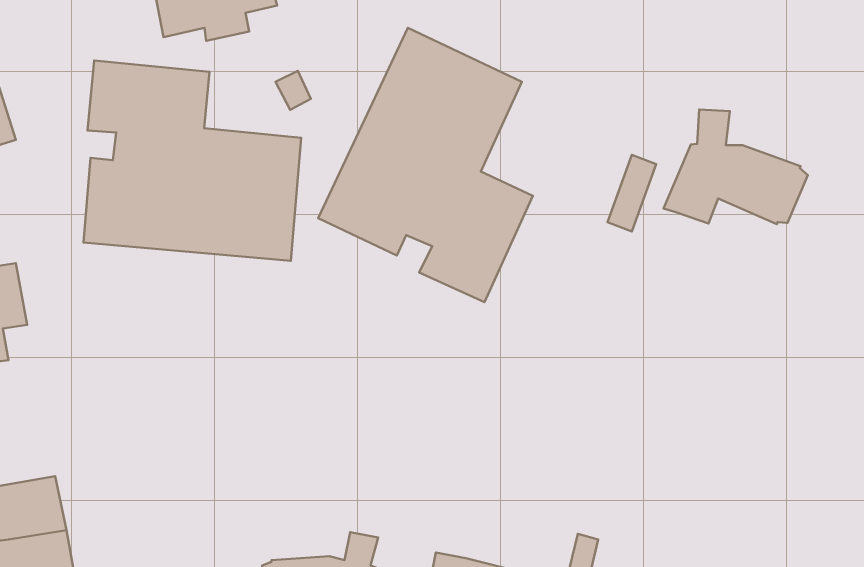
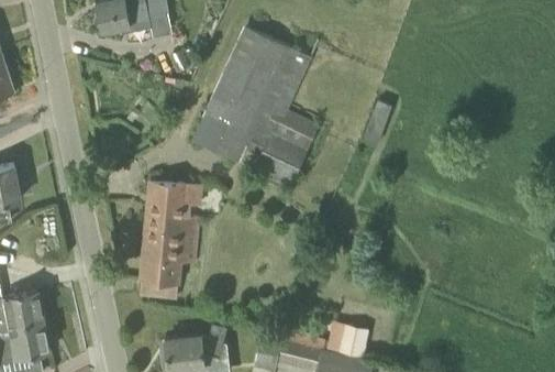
building: [84,60,301,261] -> none
building: [663,110,808,224] -> none
building: none -> [140,180,199,300]

